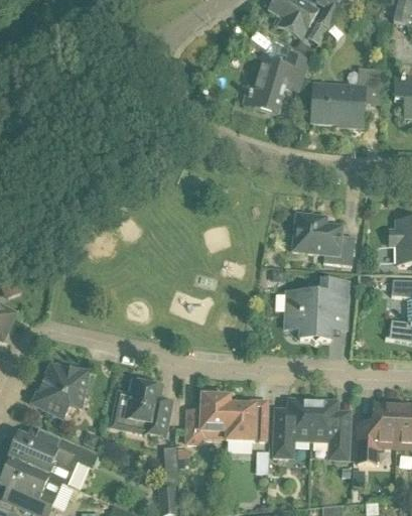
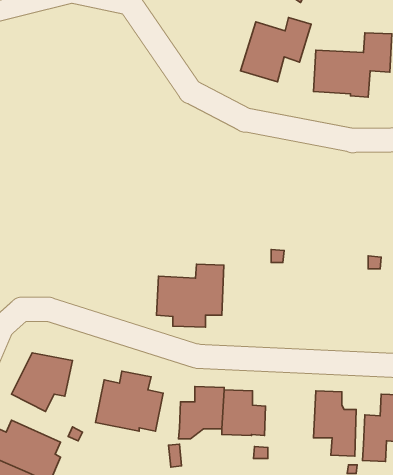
building: [293,213,356,265] -> none
building: [285,280,348,339] -> [156,264,224,327]
building: [273,398,313,458] -> none

